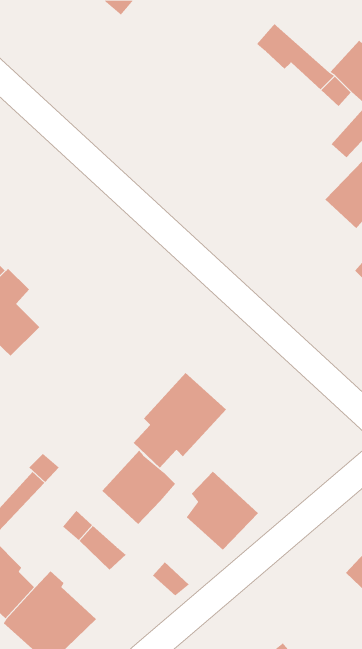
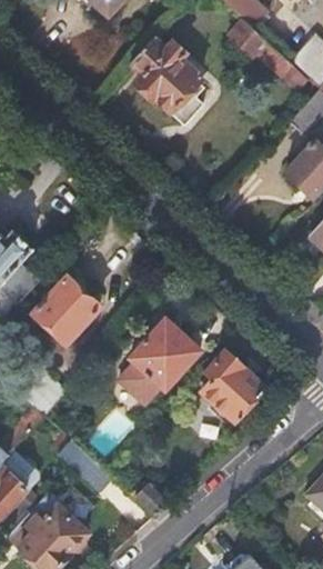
building: none -> [131,38,203,124]
building: none -> [33,278,99,345]
building: [101,450,176,525] -> none
building: [186,471,259,551] -> [202,355,265,423]

